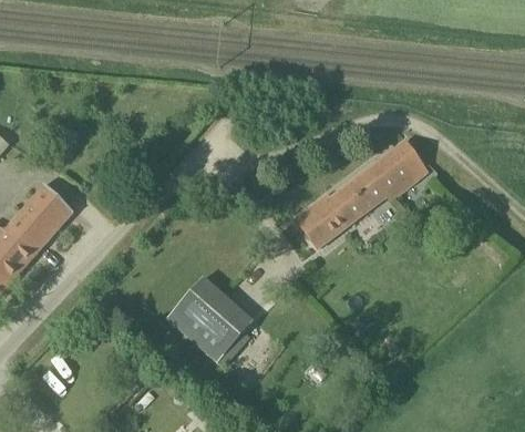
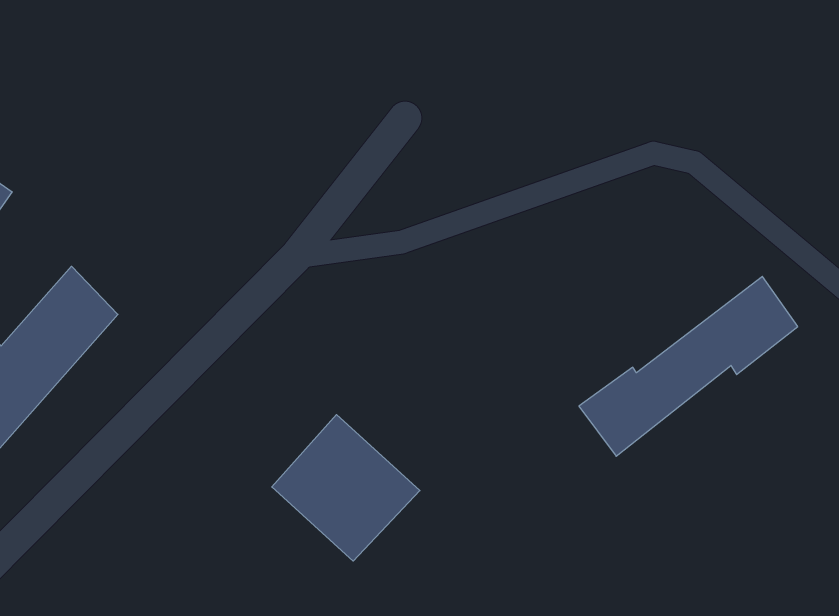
building: [295,141,425,248] -> [579,276,798,456]

